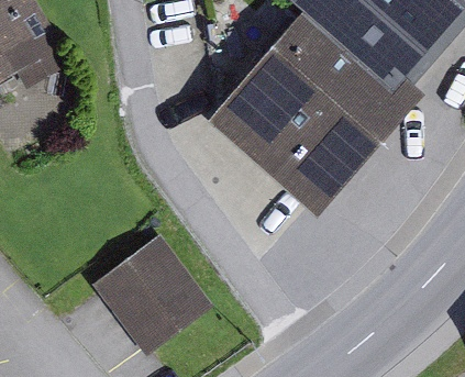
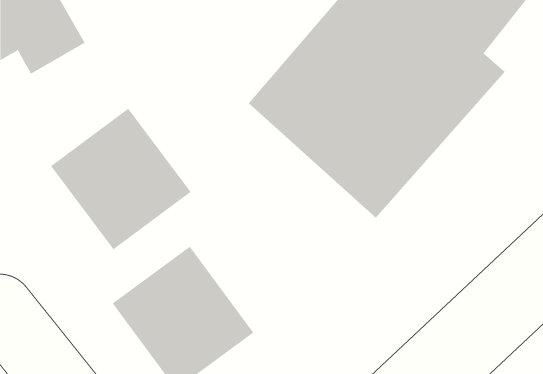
building: none -> [50,108,192,250]

